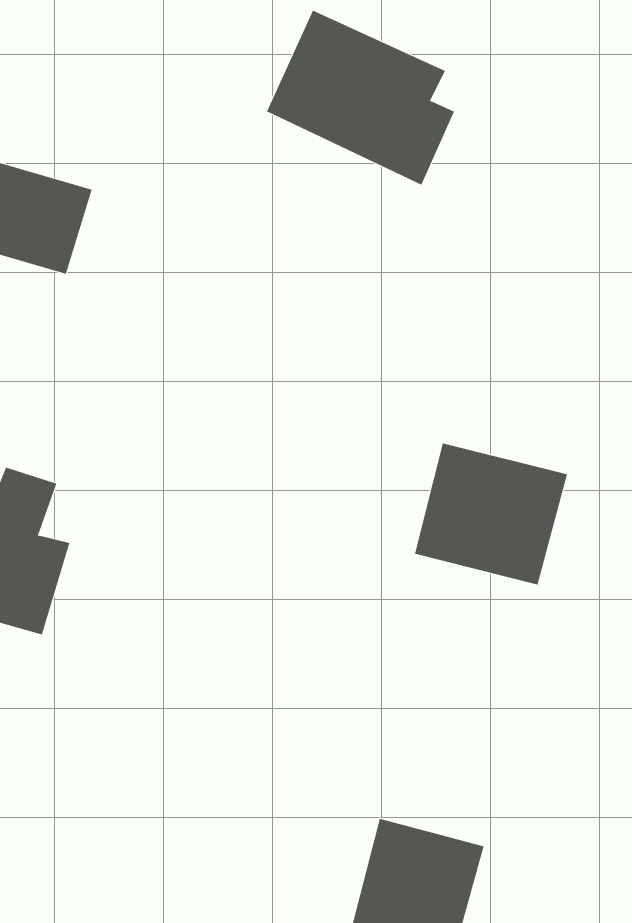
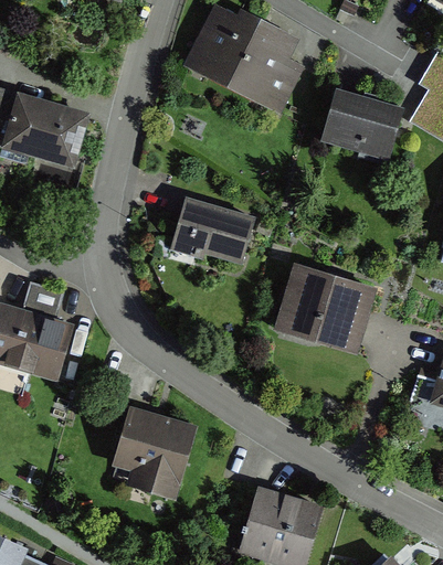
building: none -> [326,92,399,156]
building: none -> [175,199,253,264]
building: none -> [114,408,196,499]

